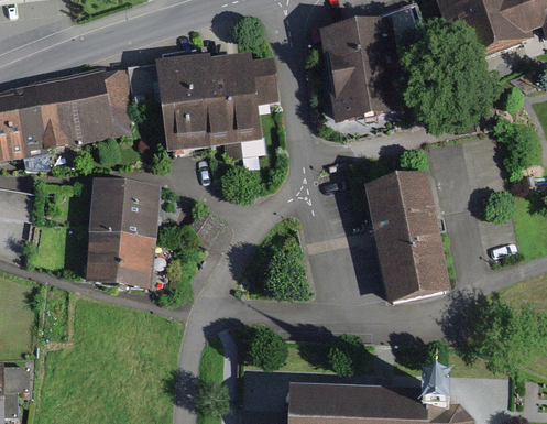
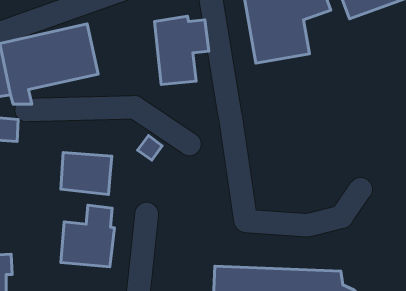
building: [157,57,216,150] -> none
building: [365,170,448,297] -> none
building: [89,184,156,237] -> none
building: none -> [61,205,115,267]

